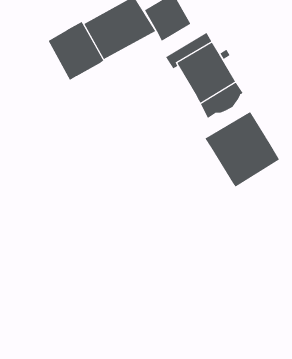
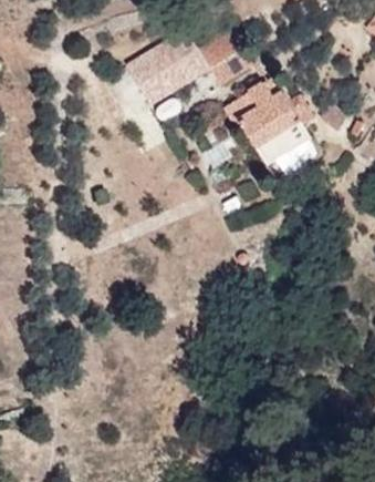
building: [48,21,104,81] -> none
building: [205,111,280,187] -> none

